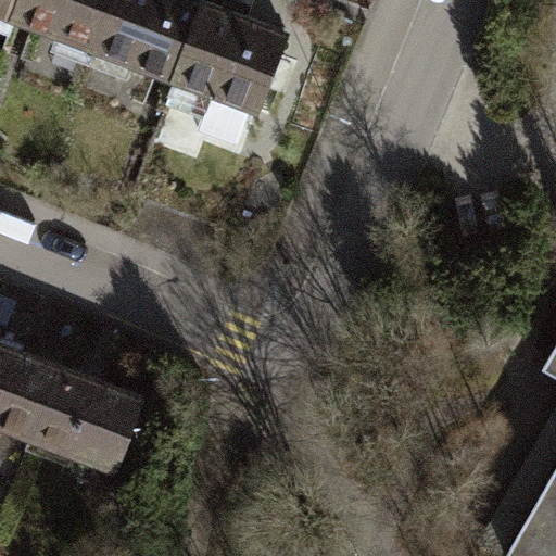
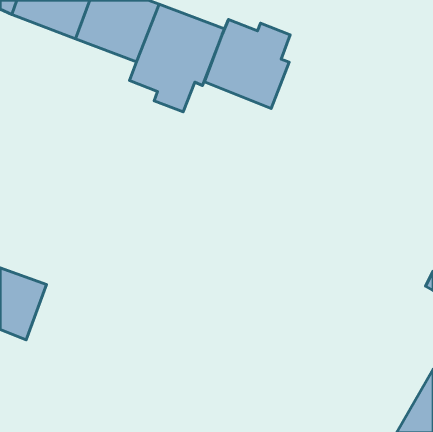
building: none -> [204,20,290,108]
building: [28,366,143,465] -> none

